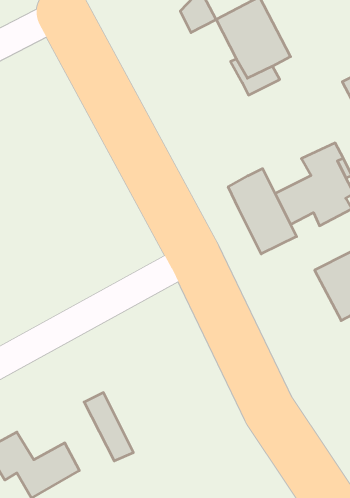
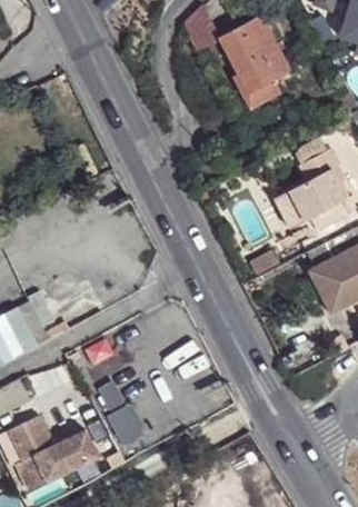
building: [228,169,297,254] -> none

